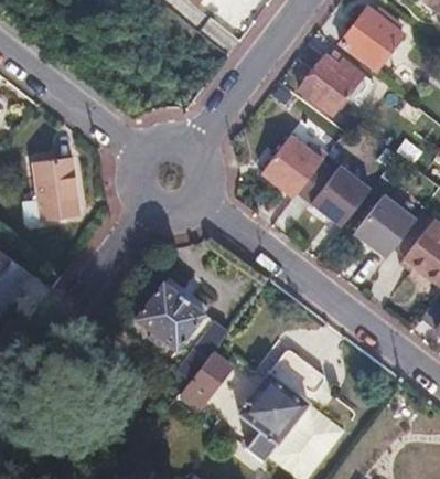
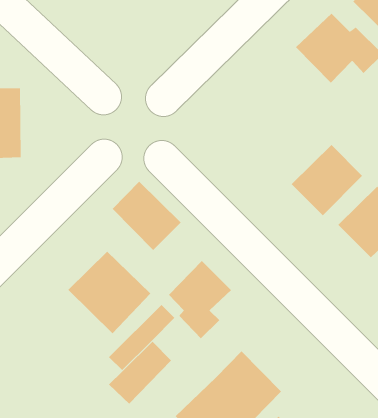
building: [261,136,326,199] -> none
building: none -> [112,181,182,251]
building: none -> [168,260,232,339]

